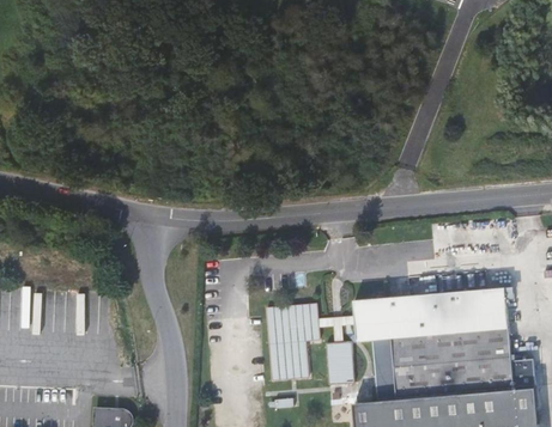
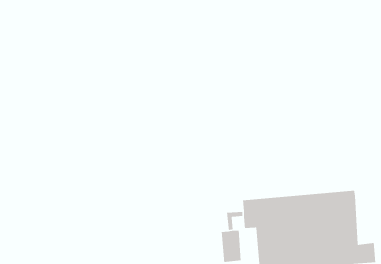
building: [266,304,319,379] -> none

